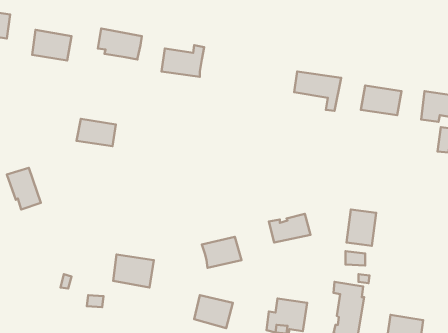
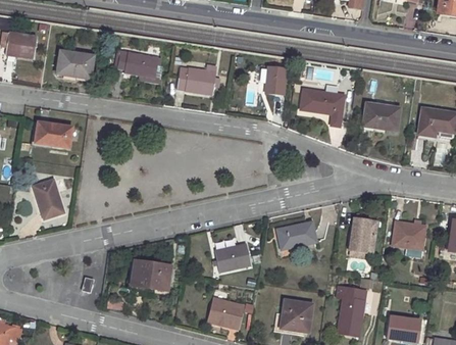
building: none -> [264,66,286,94]
building: [76,119,116,146] -> [35,121,71,147]
building: none -> [392,221,425,249]

